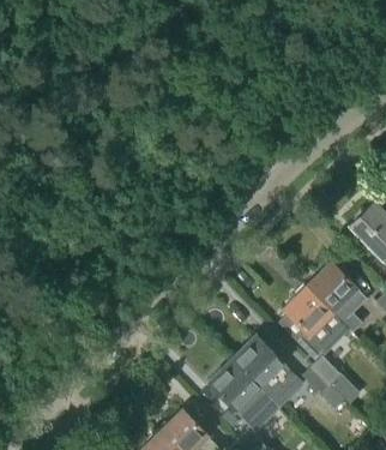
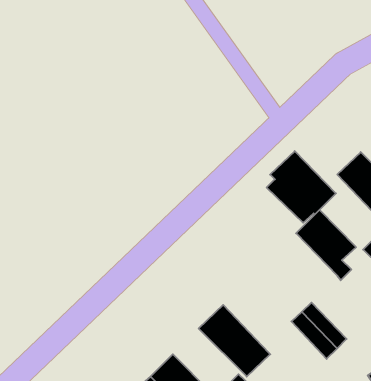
building: [279,286,350,359] -> [267,151,336,223]
building: [234,336,303,408] -> none

